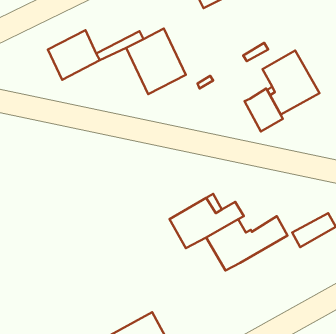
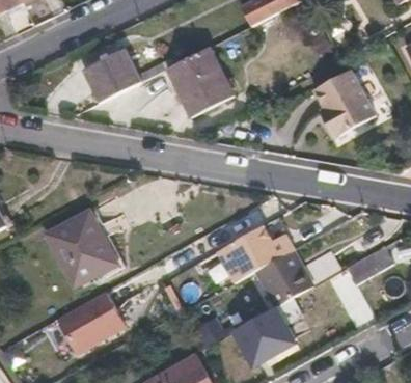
building: [244,89,283,132] -> none
building: none -> [50,213,113,283]
building: none -> [55,291,125,354]
building: none -> [234,298,301,364]

